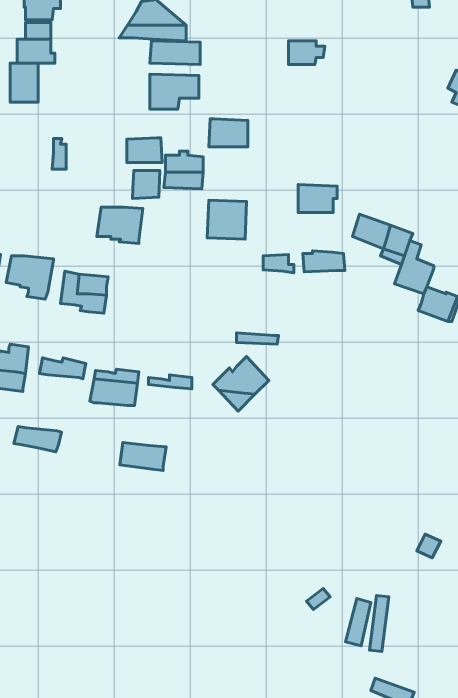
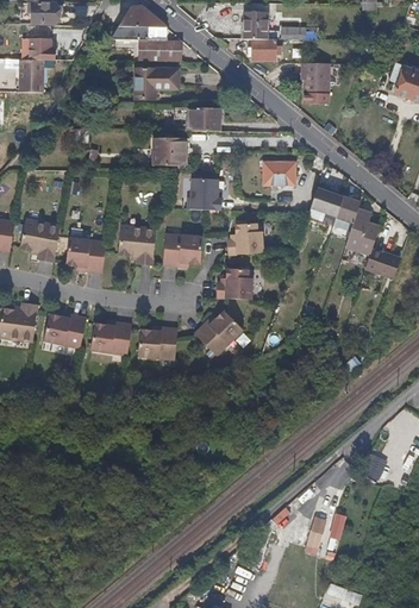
building: none -> [248,14,273,40]
building: none -> [305,64,334,96]
building: [127,138,162,163] -> none
building: [133,171,160,199] -> none
building: [97,207,143,243] -> [114,230,154,261]
building: [303,251,345,272] -> [226,236,262,253]
building: none -> [164,234,200,264]
building: none -> [212,268,248,292]
building: [14,427,61,452] -> [40,324,81,345]
building: [120,443,166,470] -> [135,333,174,357]

